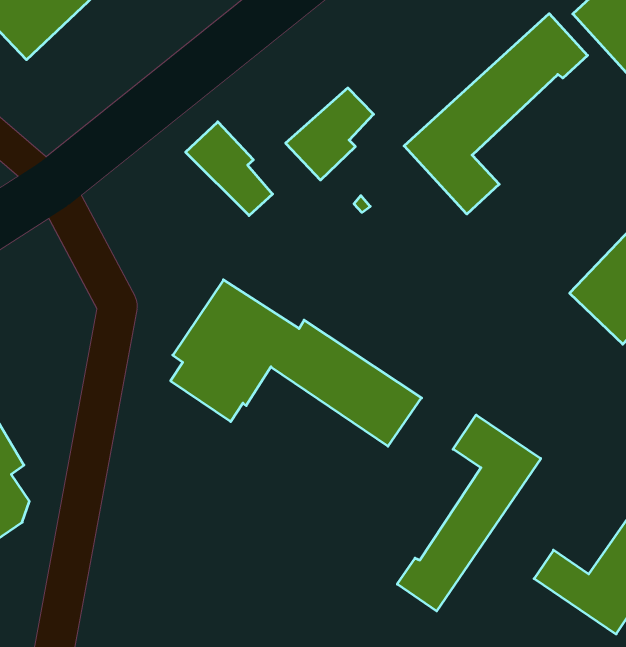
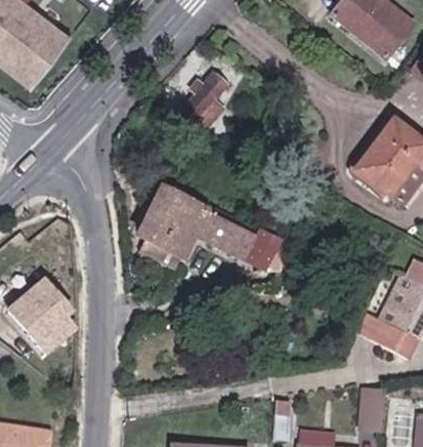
building: [404,14,588,214] -> none
building: [186,122,273,216] -> none
building: [397,415,541,611] -> none

